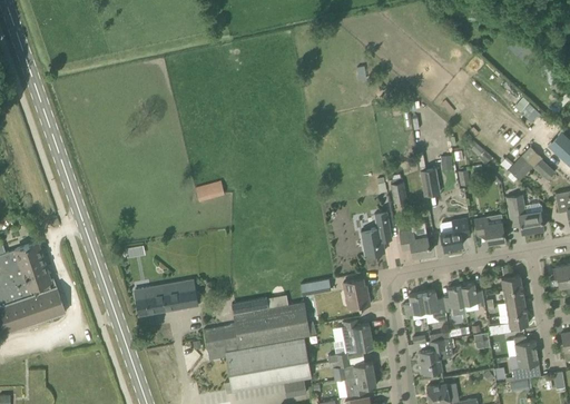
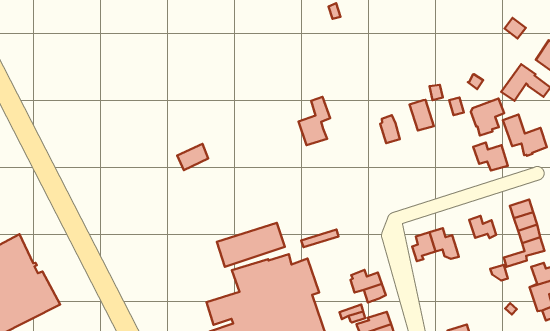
building: [361,211,391,255] -> [299,97,330,145]
building: [439,218,470,250] -> [471,99,504,136]
building: [399,229,430,257] -> none
building: [343,279,370,307] -> none
building: [135,280,198,315] -> [217,223,285,267]
building: [443,286,465,316] -> none
building: [420,337,454,373] -> none

